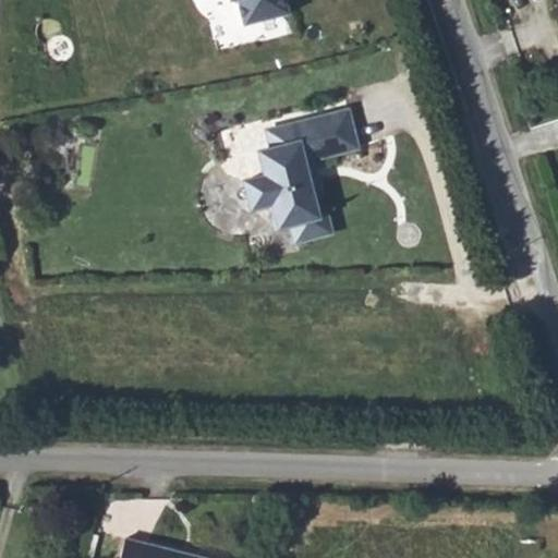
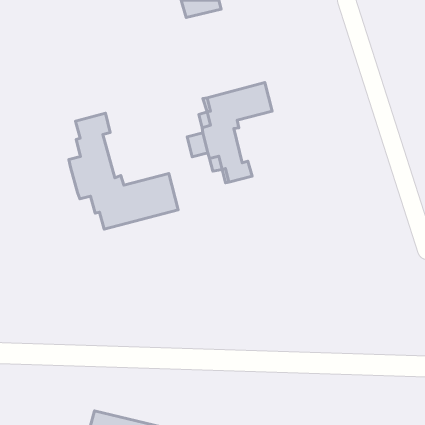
building: none -> [69,113,178,229]

